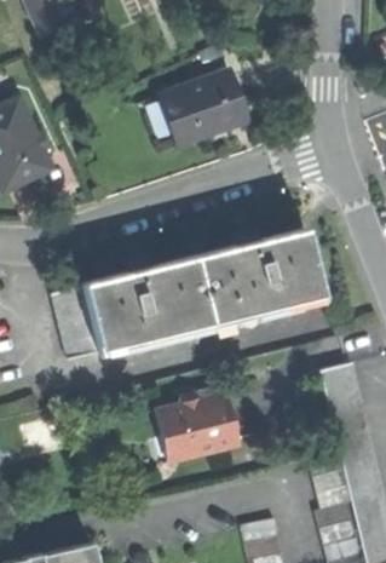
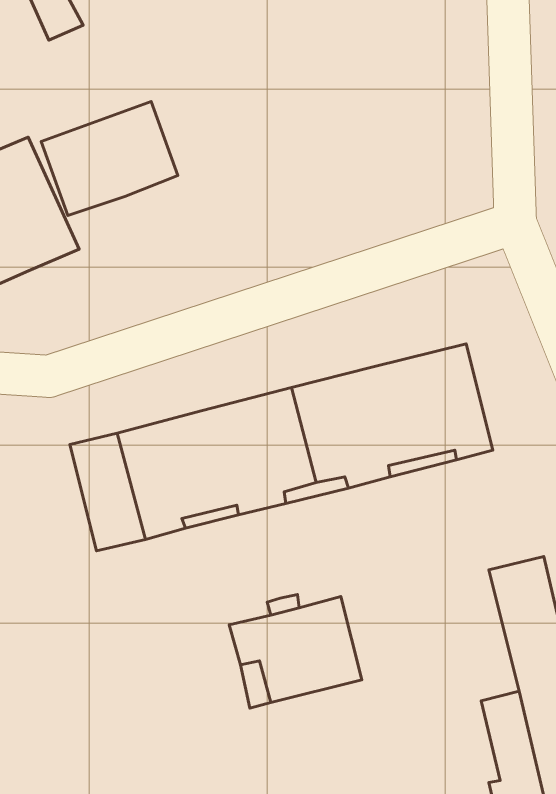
building: [168,70,255,143] -> [41,102,178,215]

